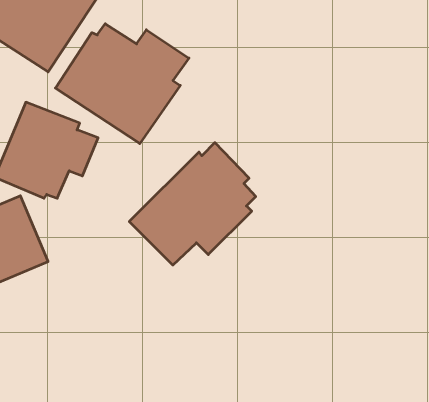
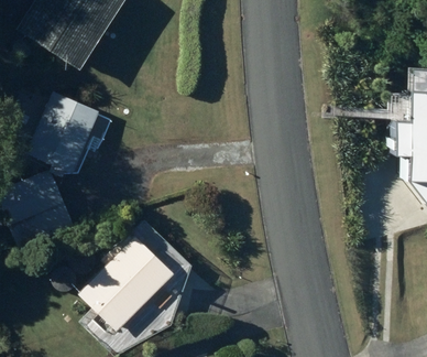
building: [55,24,189,144] -> none
building: [129,143,256,265] -> [76,228,182,331]

